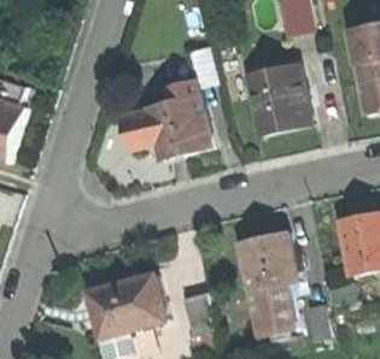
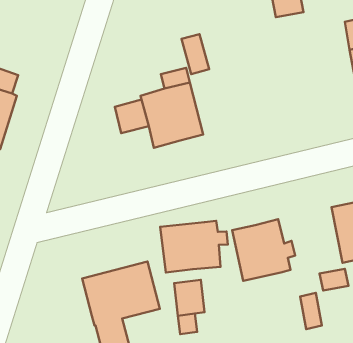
building: [245,63,309,134] -> none
building: none -> [160,221,228,273]
building: [250,283,297,334] -> none

